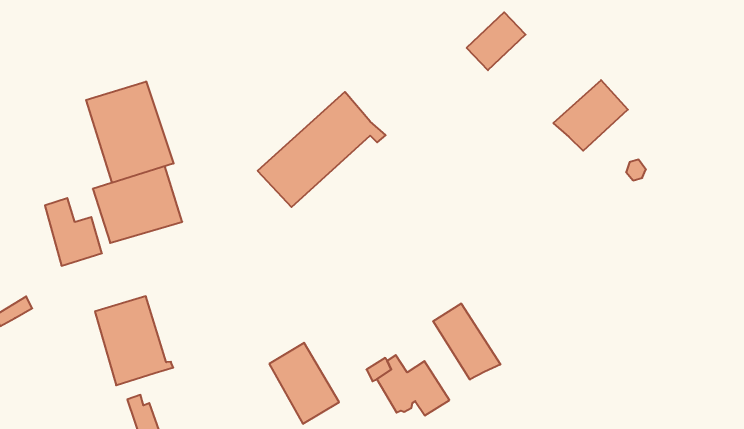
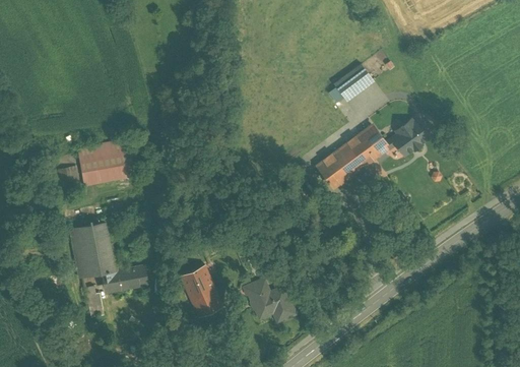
building: [86,81,174,183] -> none
building: [258,92,386,207] -> [308,120,394,191]
building: [433,303,500,380] -> none
building: none -> [106,266,148,292]

